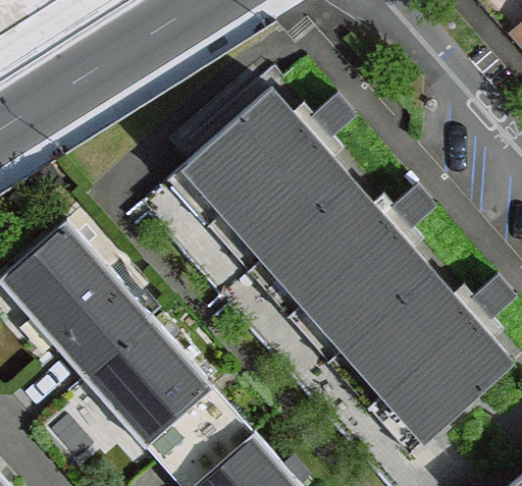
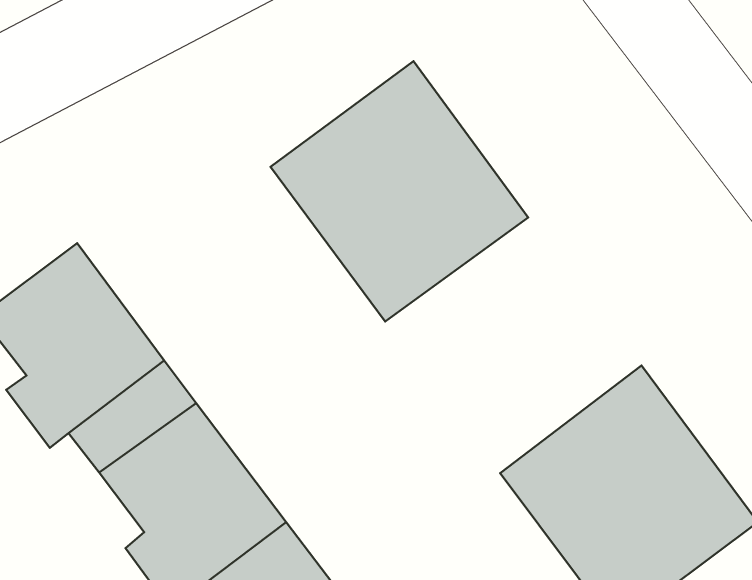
building: [265,183,430,347] -> none

